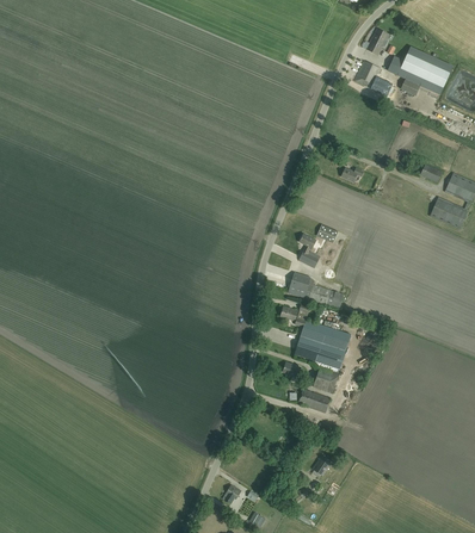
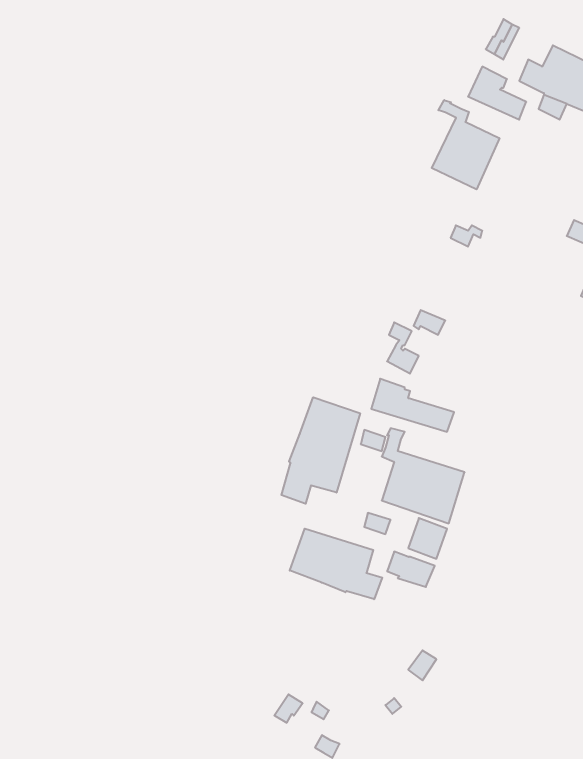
building: none -> [432,100,499,189]
building: none -> [281,397,360,504]
building: none -> [290,529,382,599]

